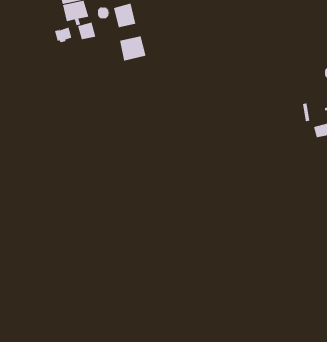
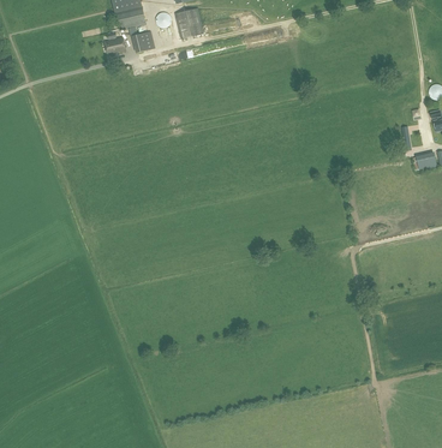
building: [119,35,146,61] -> none

